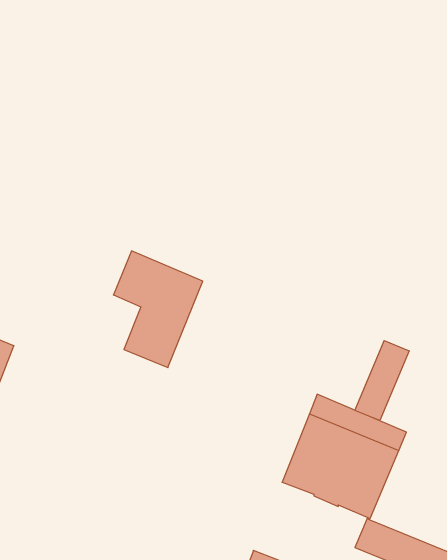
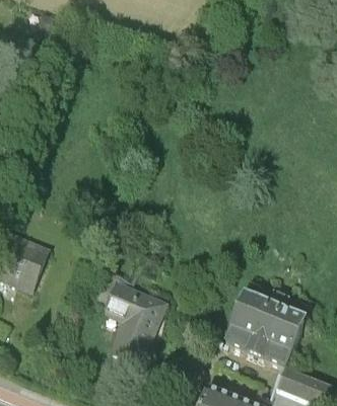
building: [113,251,203,368] -> [105,281,164,359]
building: [355,341,409,421] -> none

